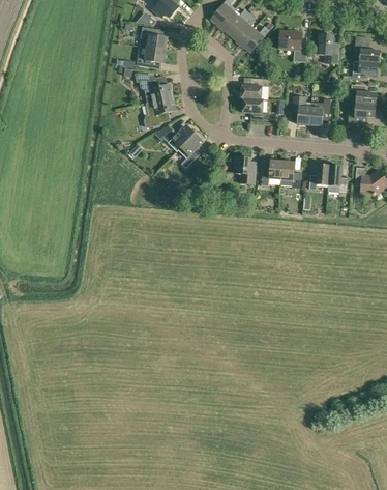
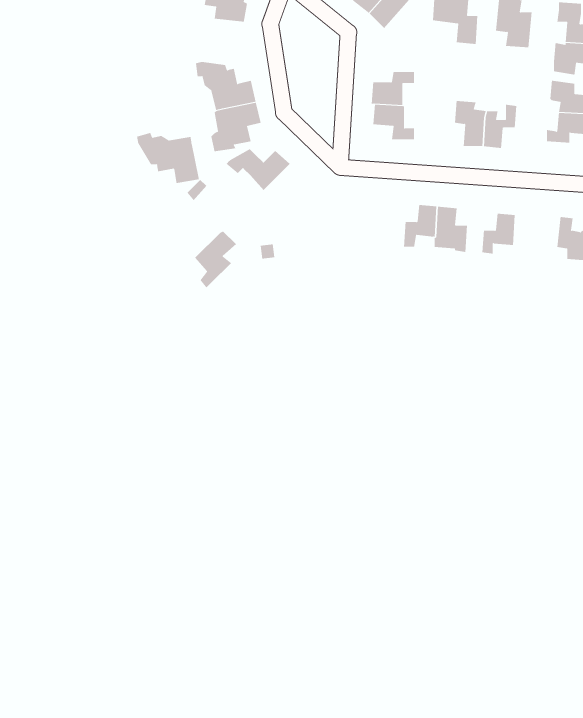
building: [136,46,165,68] -> none
building: none -> [137,132,200,184]
building: [177,133,203,168] -> [194,231,237,289]
building: [233,155,256,182] -> none
building: [327,165,347,192] -> none

